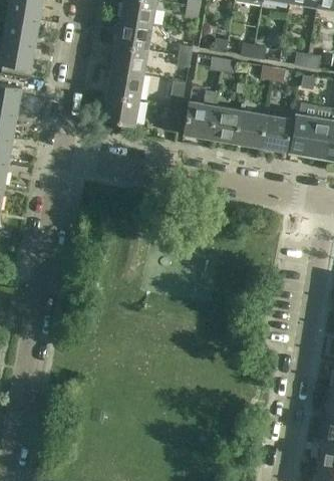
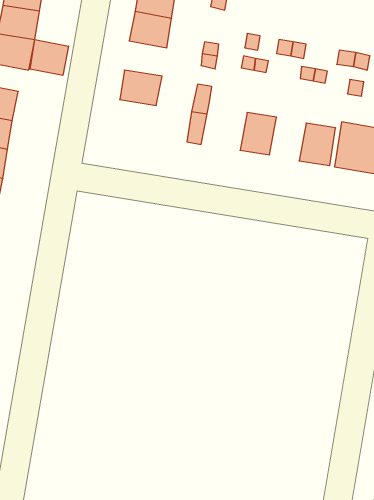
building: none -> [30,40,68,75]
building: [111,44,147,74] -> none
building: [184,90,218,138] -> none
building: [102,94,138,126] -> none
building: [235,109,266,147] -> none

